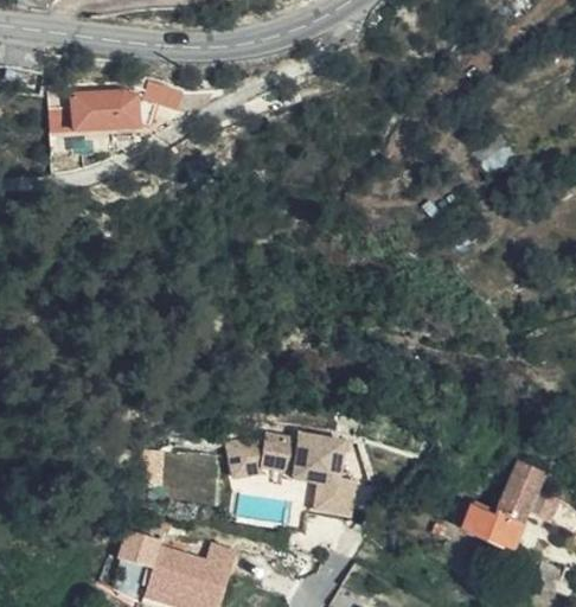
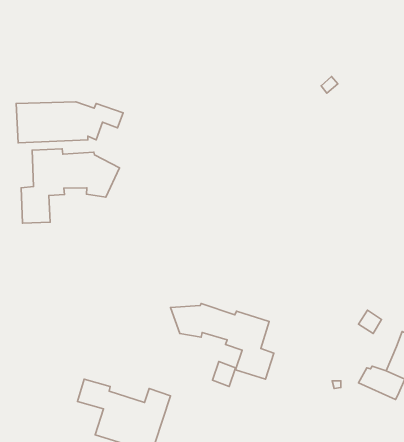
building: [46,88,183,140] -> [16,102,123,143]
building: none -> [21,149,119,223]

